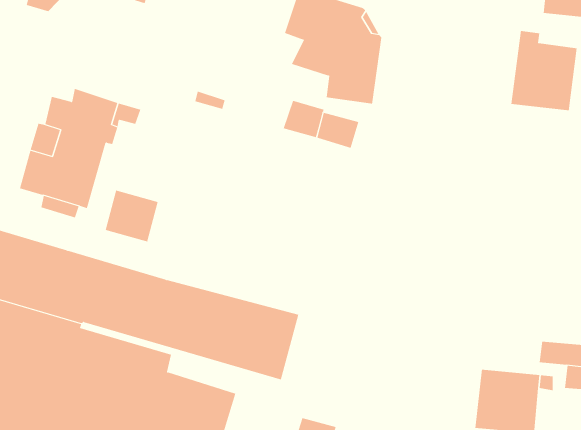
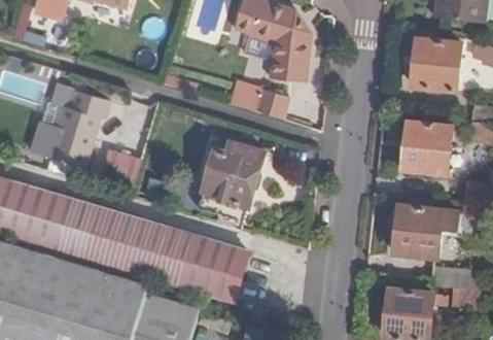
building: none -> [400,122,451,174]
building: none -> [199,136,266,219]
building: none -> [393,204,457,258]

